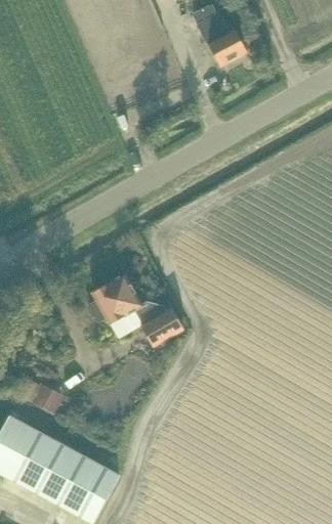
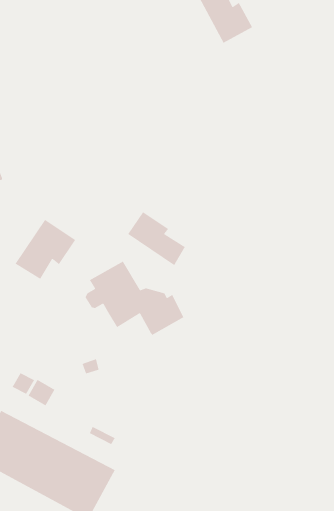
building: none -> [127,211,186,266]
building: none -> [14,219,76,280]

